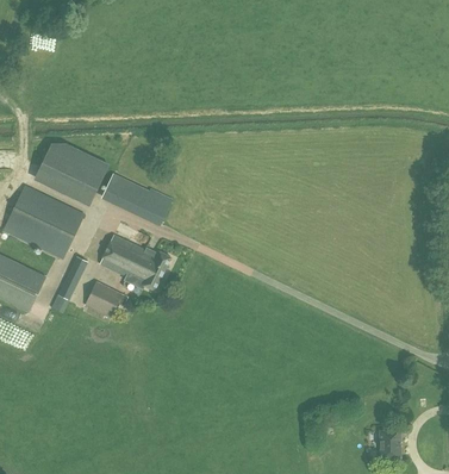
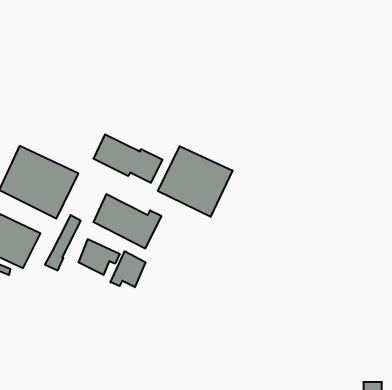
building: [32,142,110,204] -> none
building: none -> [158,146,233,217]
building: none -> [110,251,145,287]

